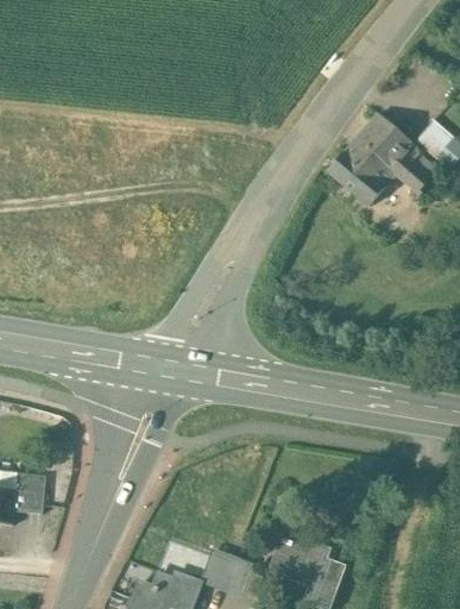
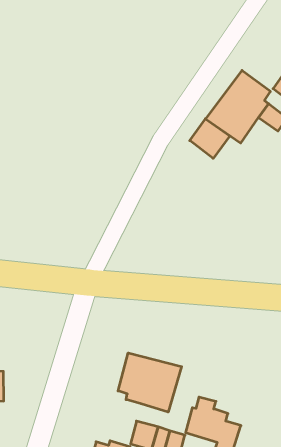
building: none -> [190,119,230,158]
building: none -> [118,353,182,412]

